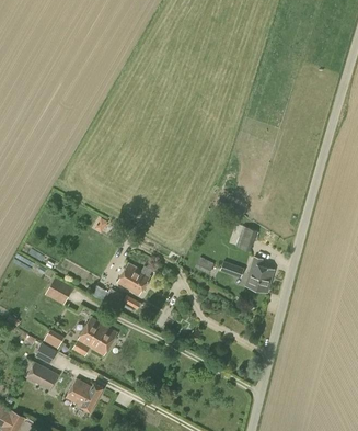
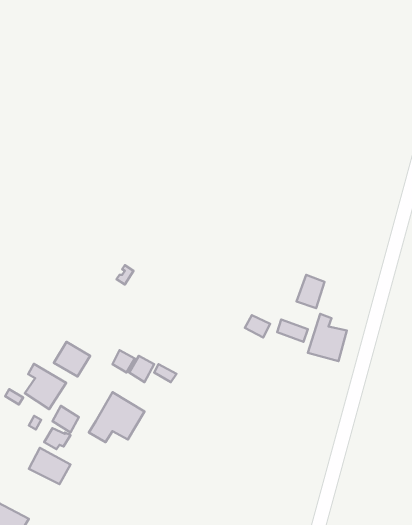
building: [117,262,152,295] -> none
building: none -> [25,364,66,409]
building: [67,377,104,411] -> none

